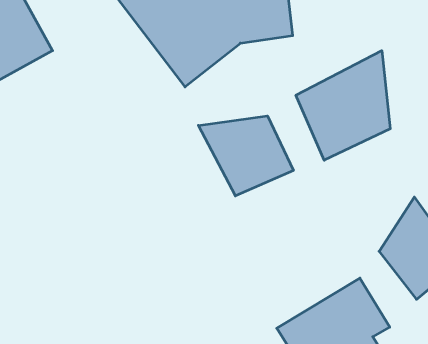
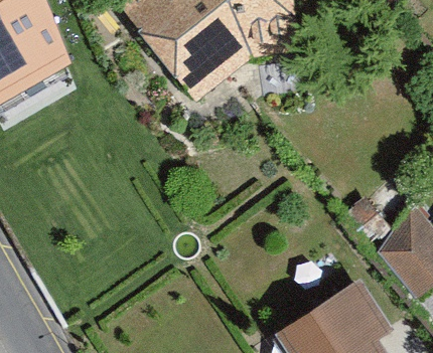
building: [296,51,390,160] -> none
building: [198,116,293,196] -> none

